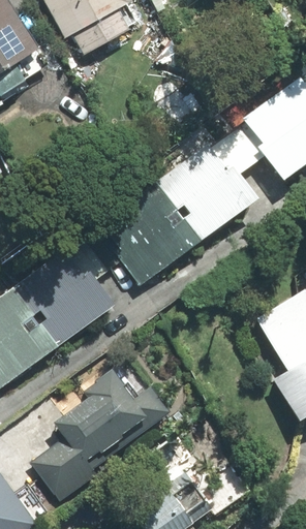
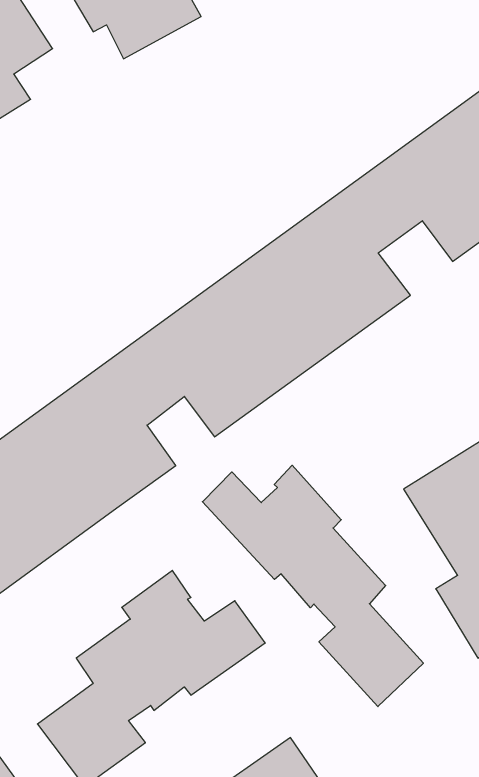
building: none -> [202,465,423,707]

